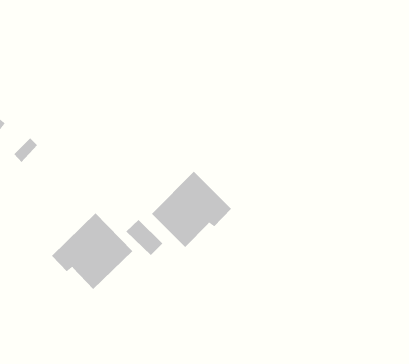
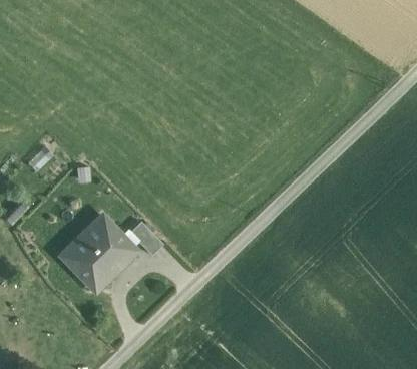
building: [151,171,232,248] -> none

